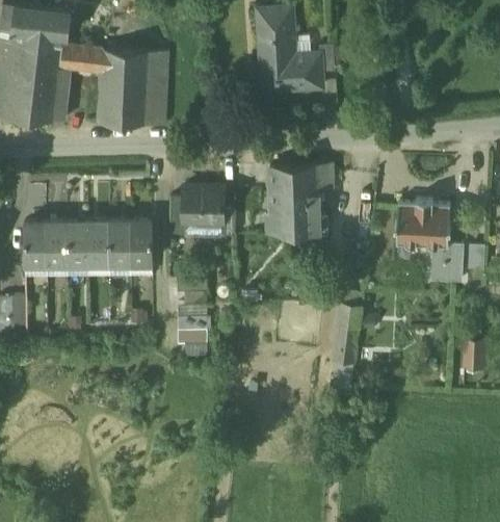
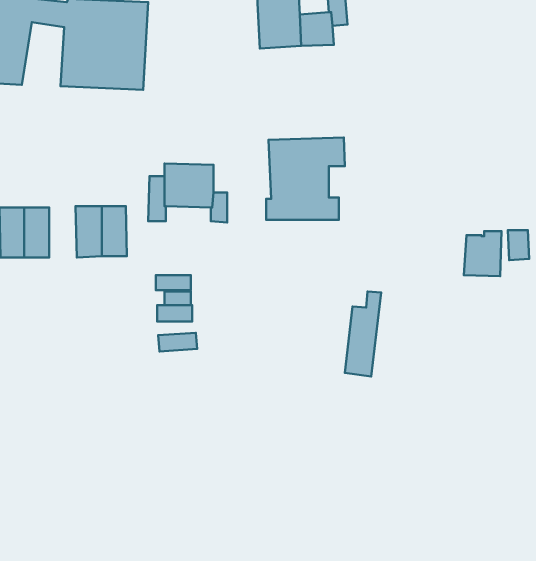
building: [395,201,451,249] -> none
building: [87,224,110,266] -> none
building: [463,343,485,373] -> none

